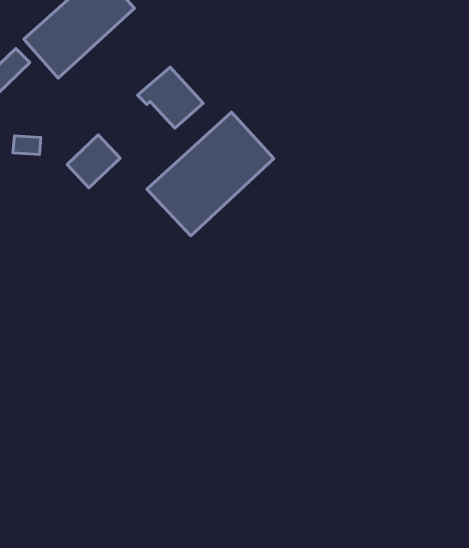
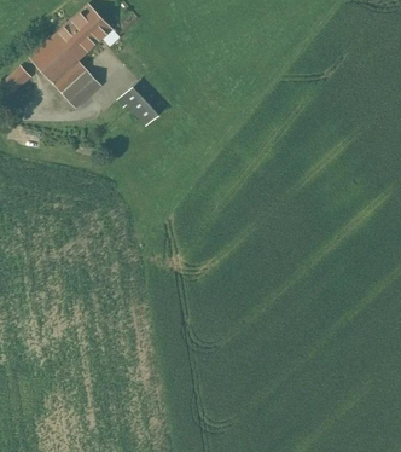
building: [147,112,274,236] -> none
building: [67,135,120,188] -> [60,70,101,111]

